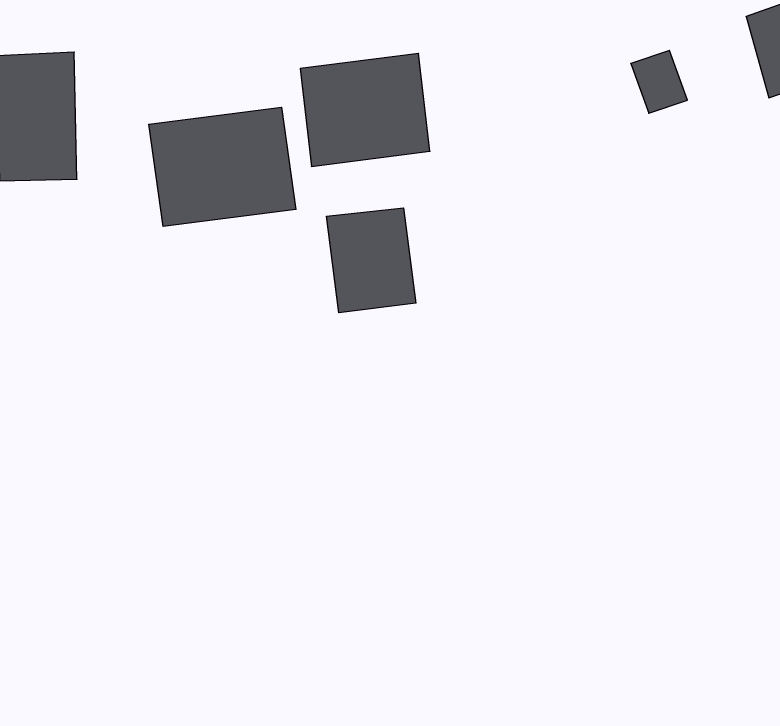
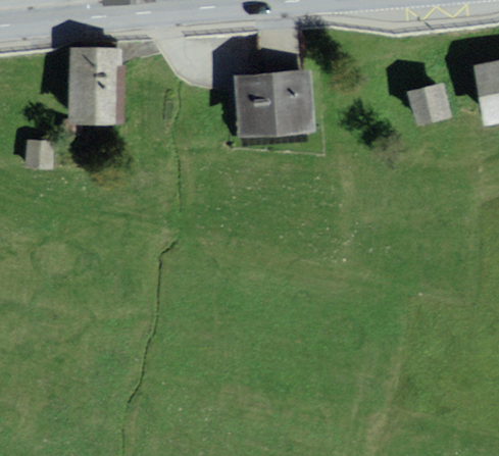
building: [149,107,296,226] -> none
building: [327,208,416,313] -> none

